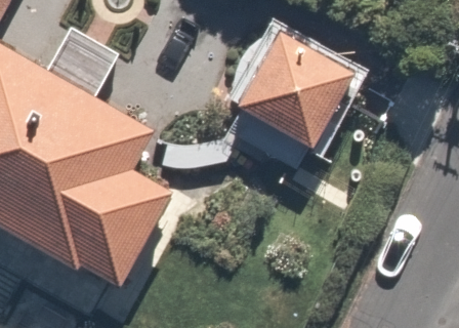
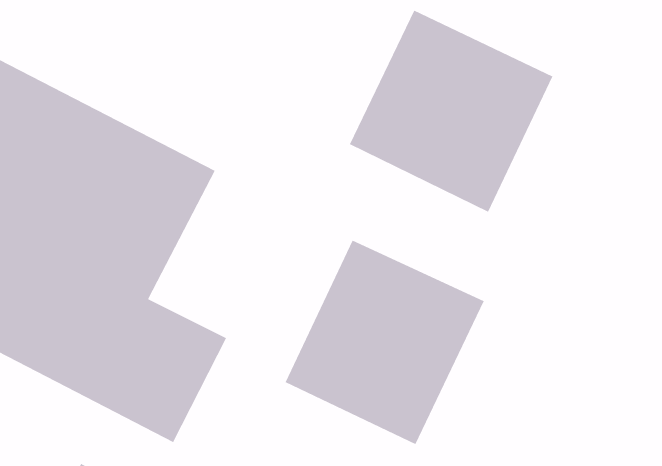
building: none -> [285,239,485,445]

